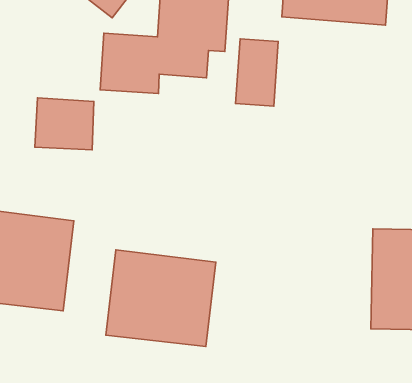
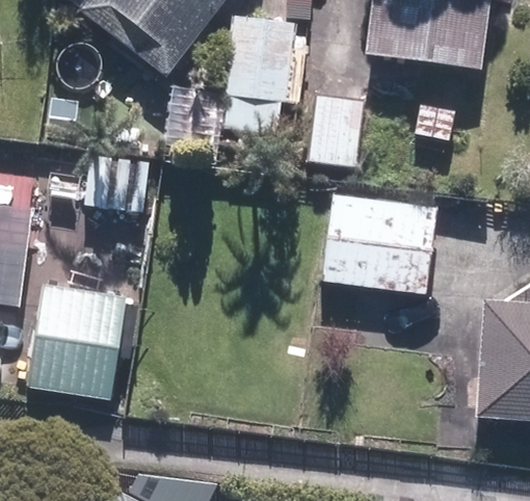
building: none -> [316,186,443,294]
building: [106,250,216,347] -> none

